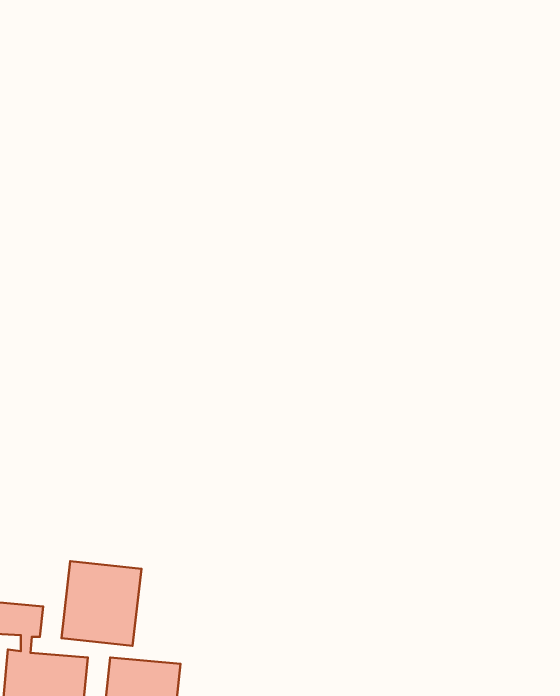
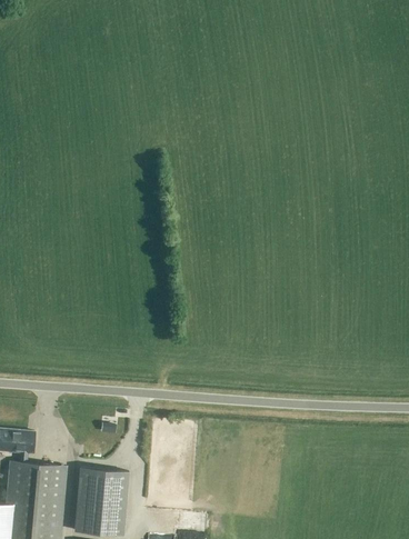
building: [61,561,142,646] -> none

